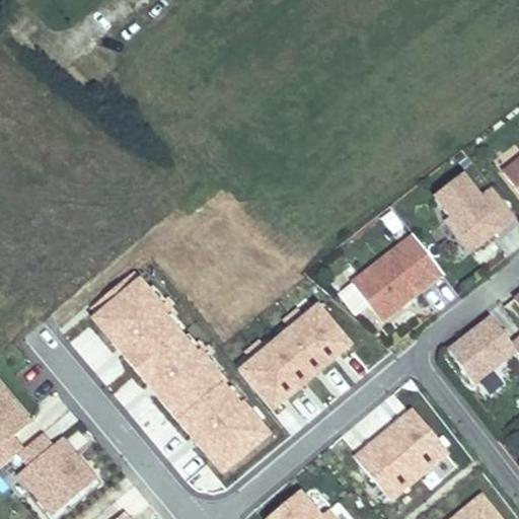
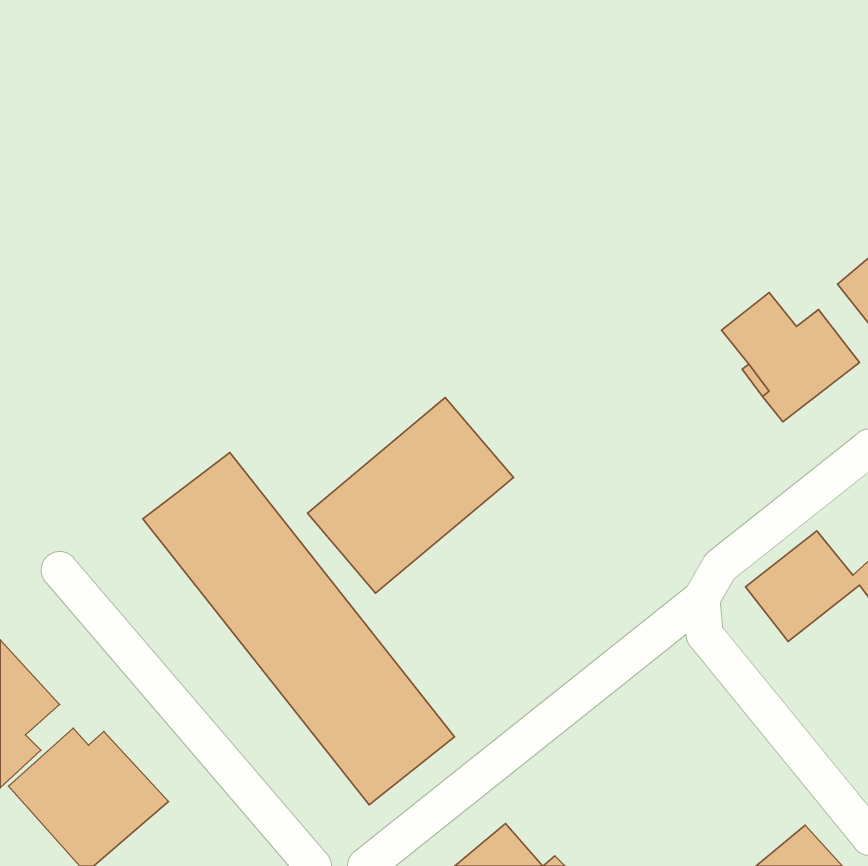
building: [348,234,440,321] -> none
building: [234,299,357,416] -> [307,397,513,593]
building: [354,405,453,503] -> none

